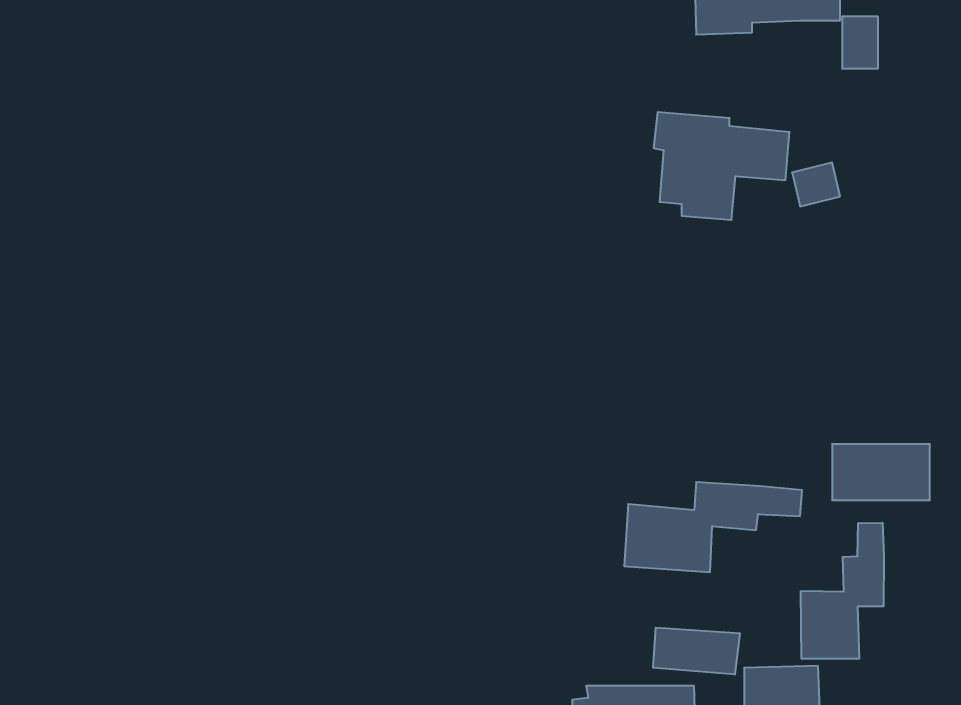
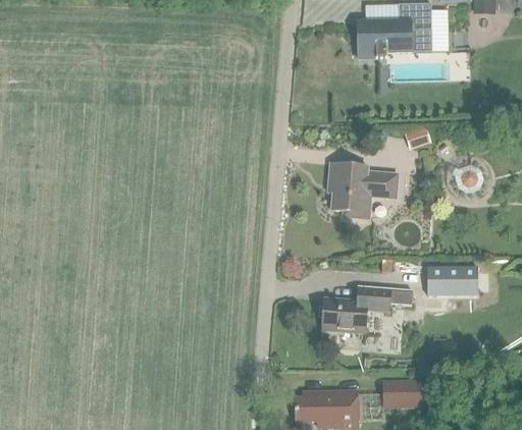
building: [654,112,790,220] -> [328,163,398,218]
building: [801,523,884,659] -> none
building: [653,628,740,675] -> none

